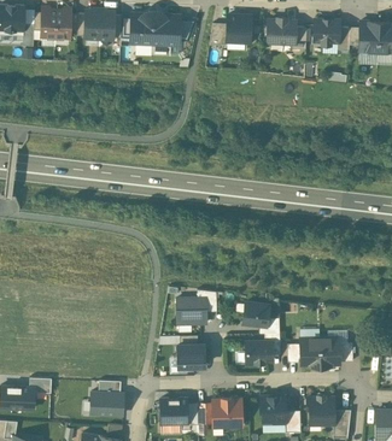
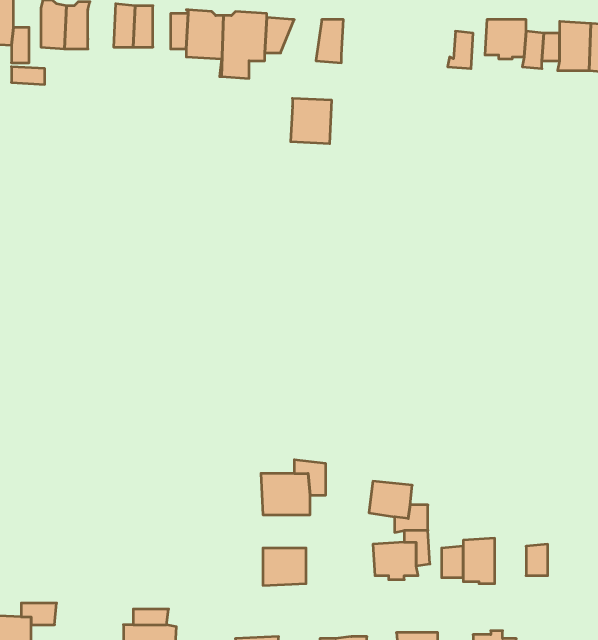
building: [226,16,251,43] -> [291,98,332,144]
building: [267,18,296,45] -> none
building: [320,339,339,366] -> none

